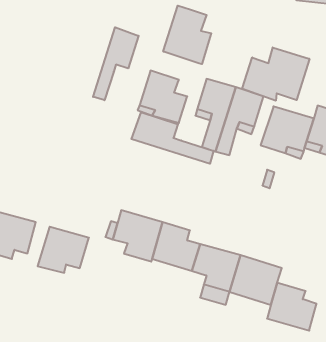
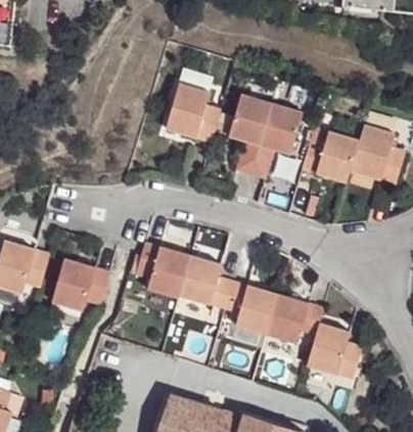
building: [163,6,211,64] -> none
building: [93,27,139,100] -> none
building: [242,47,309,101] -> none
building: [131,112,214,164] -> none

